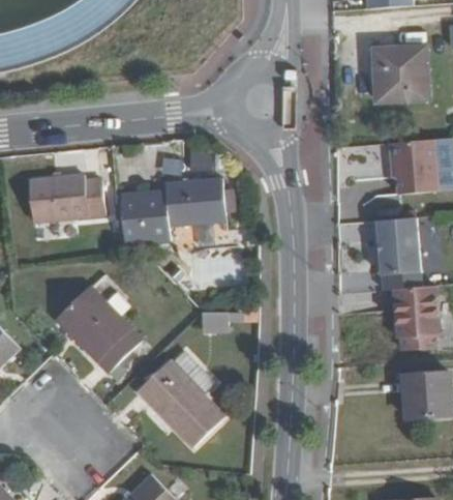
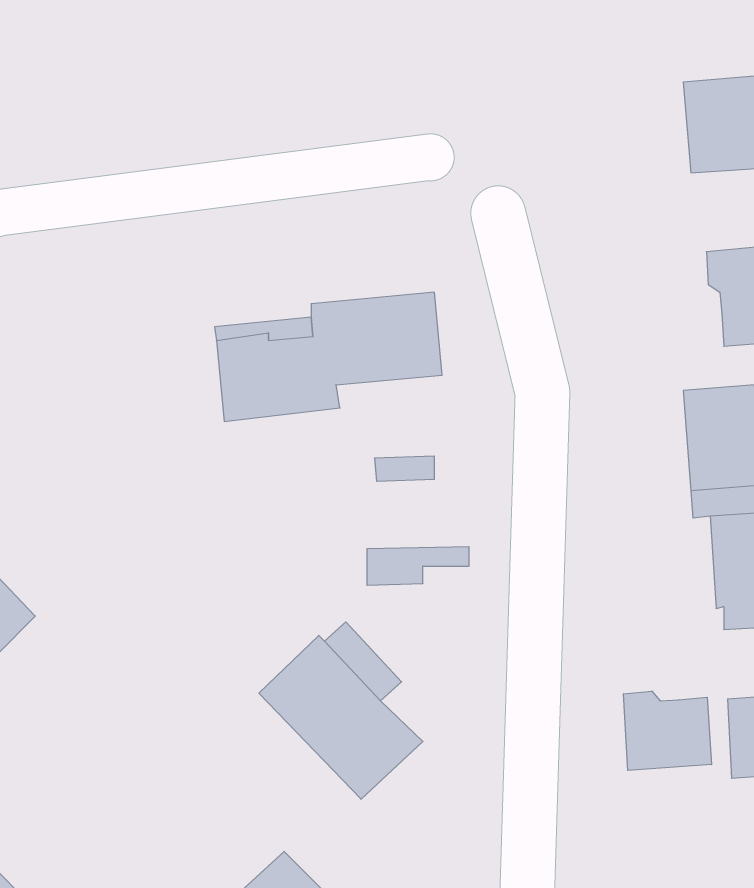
building: [32,173,109,218] -> none
building: [62,282,148,369] -> none
building: none -> [624,691,712,770]

